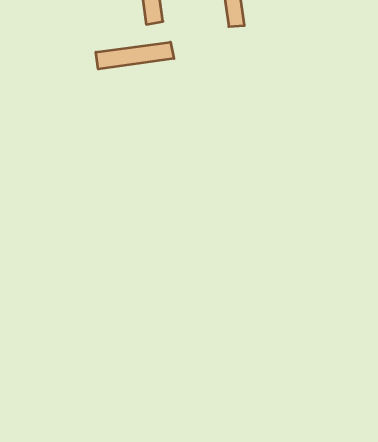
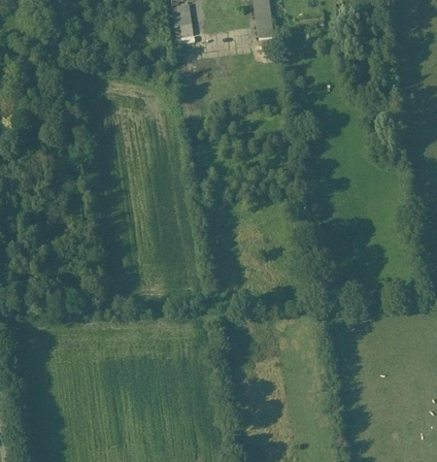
building: [96,42,174,69] -> none

